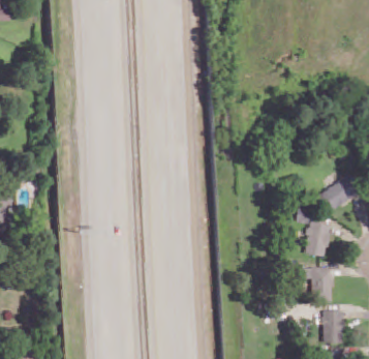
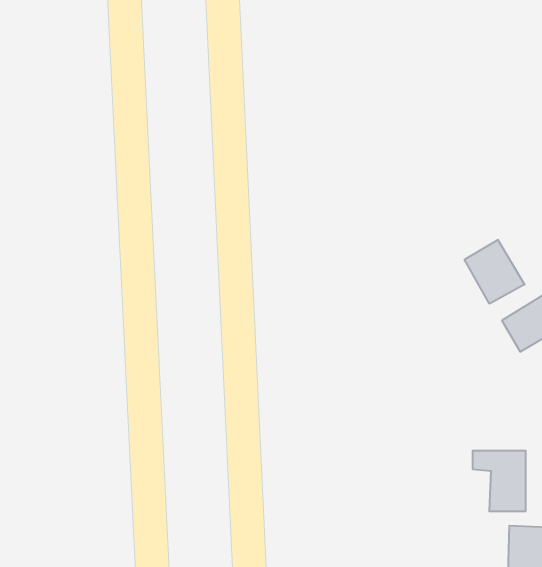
building: none -> [465,240,525,304]
building: [304,219,332,257] -> none

